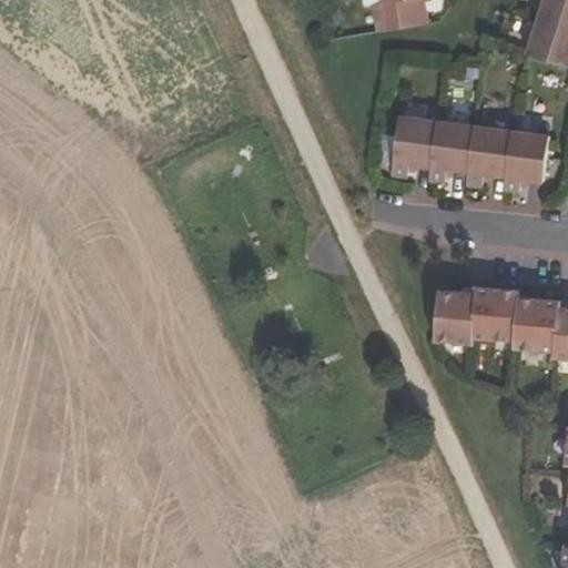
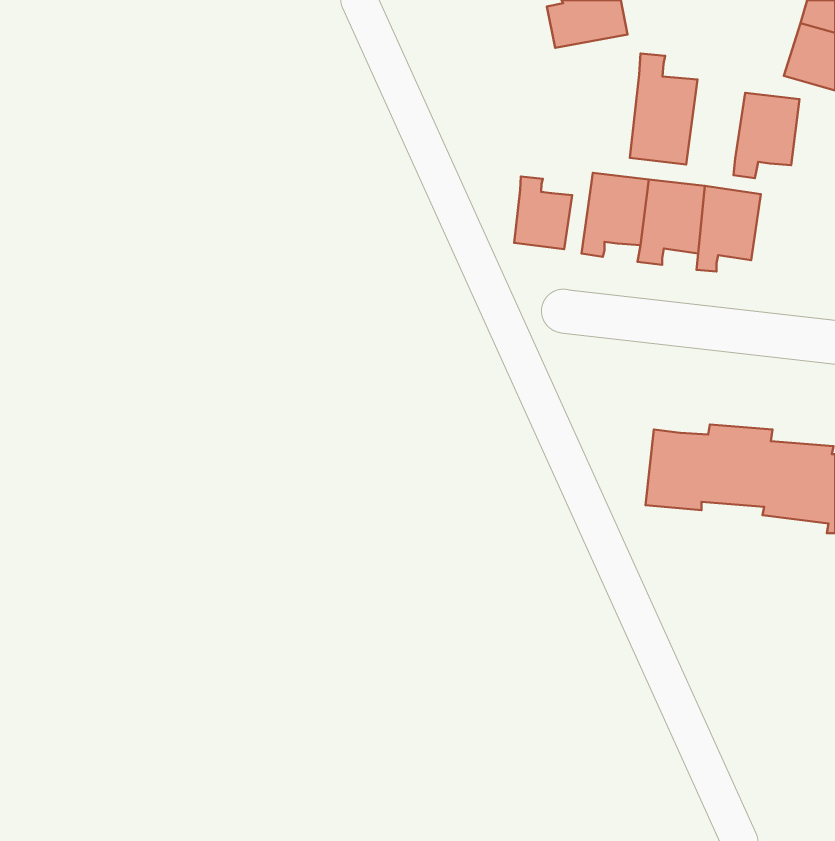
building: none -> [630,53,698,165]
building: none -> [514,176,572,249]
building: [505,131,549,189] -> [734,93,799,178]

